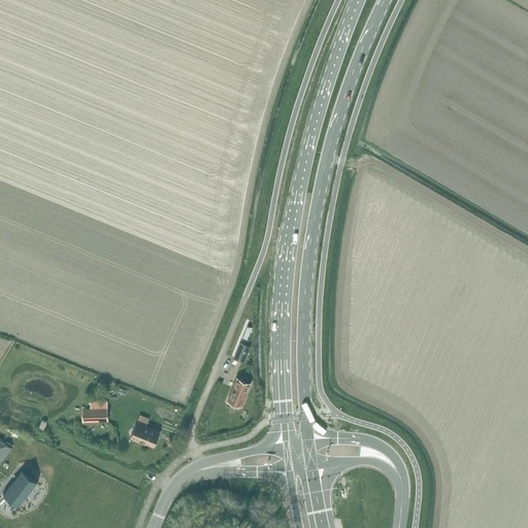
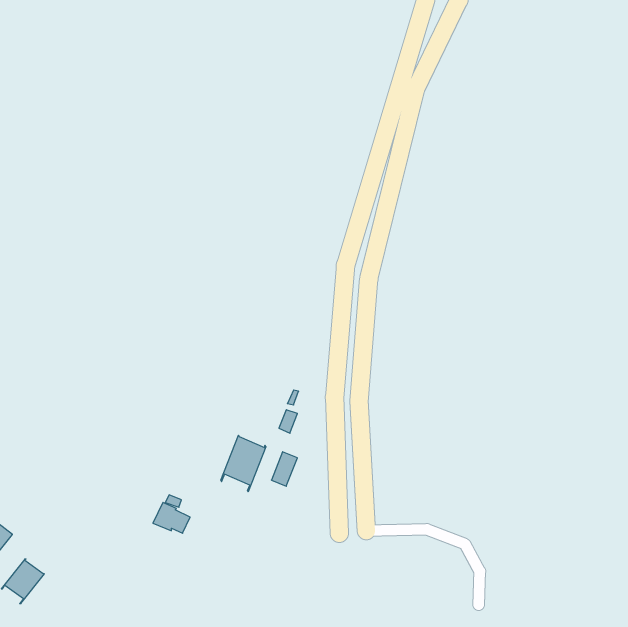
building: none -> [221,435,266,492]
building: [81,403,106,425] -> none

